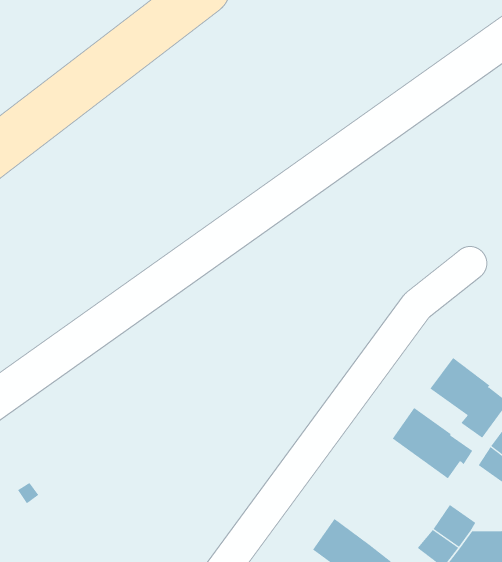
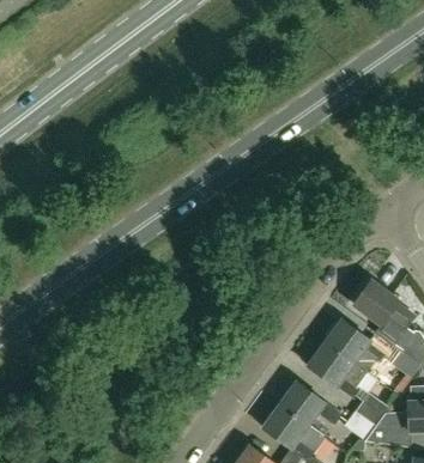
building: none -> [307,342,367,397]
building: none -> [279,380,340,424]

